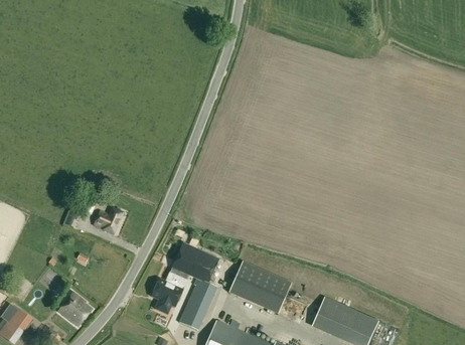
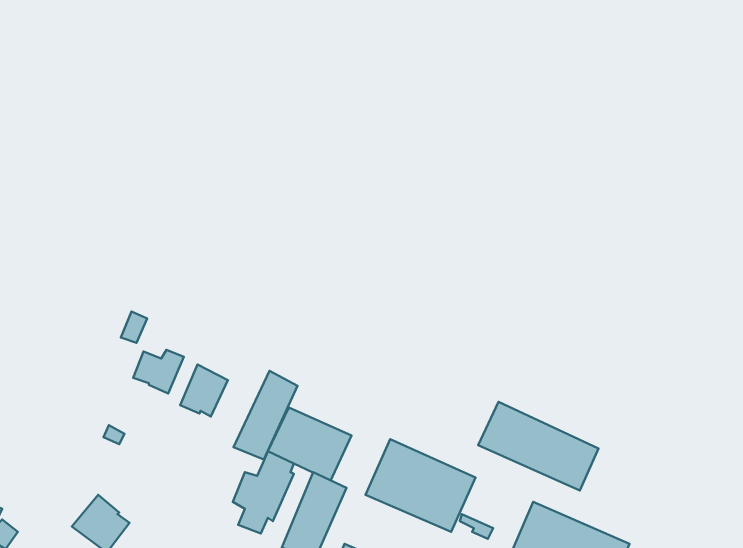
building: none -> [180,364,228,417]
building: none -> [234,371,297,460]
building: none -> [478,402,599,491]

